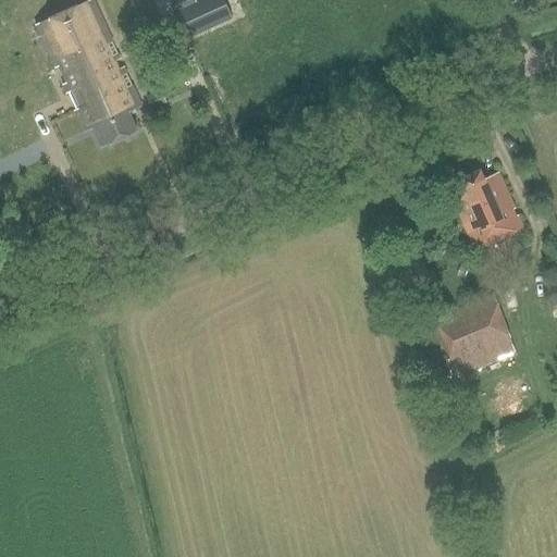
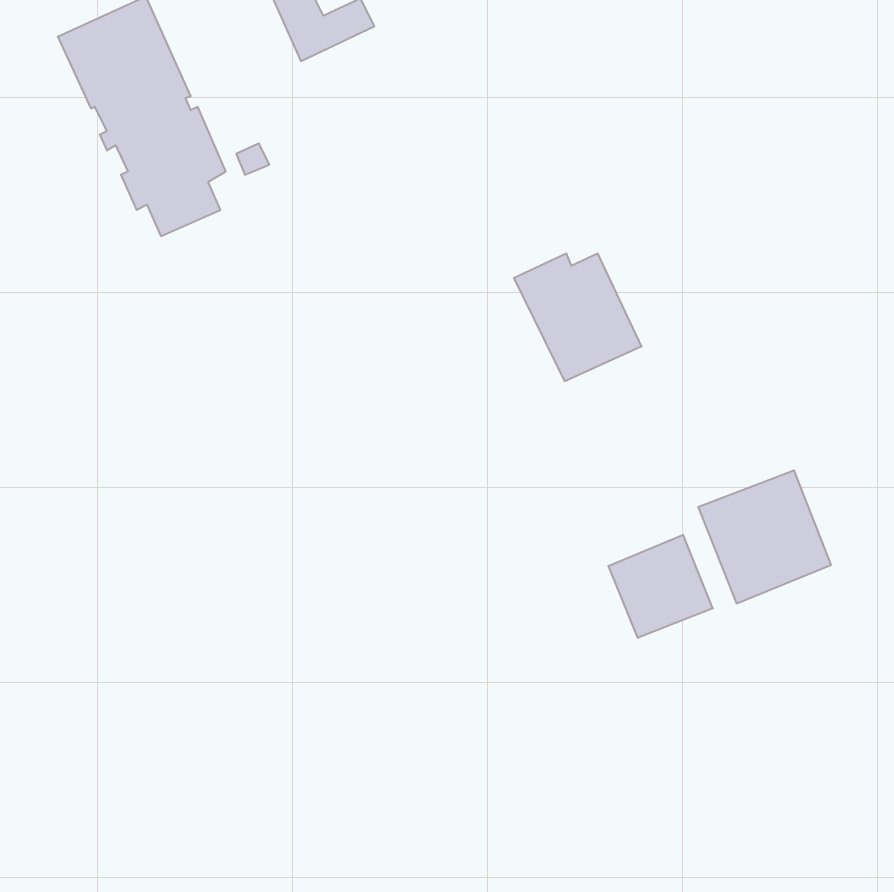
building: [444,165,523,245] -> [514,254,642,381]
building: none -> [608,535,713,638]

